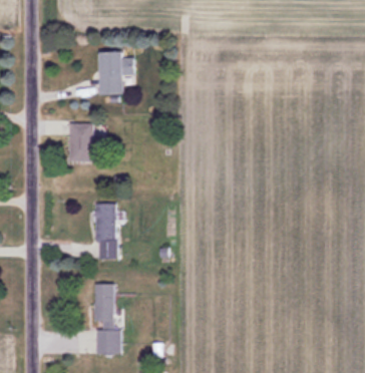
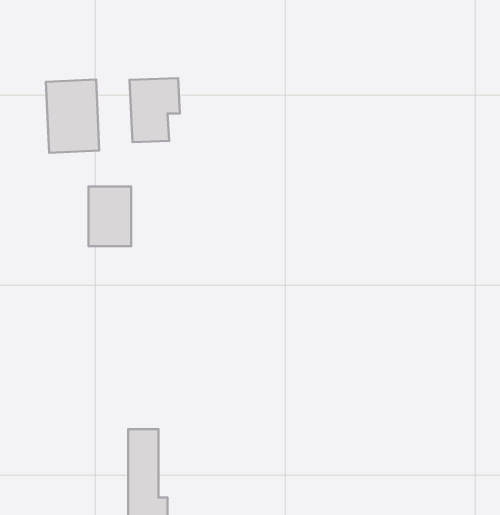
building: none -> [46,80,99,153]
building: [96,204,116,260] -> none

